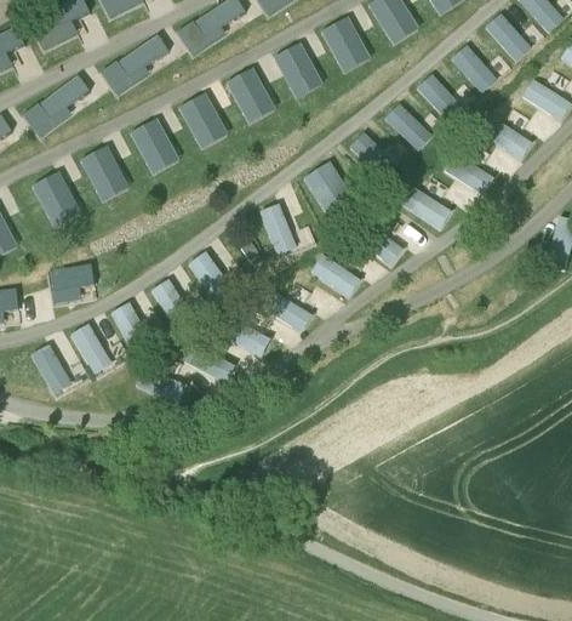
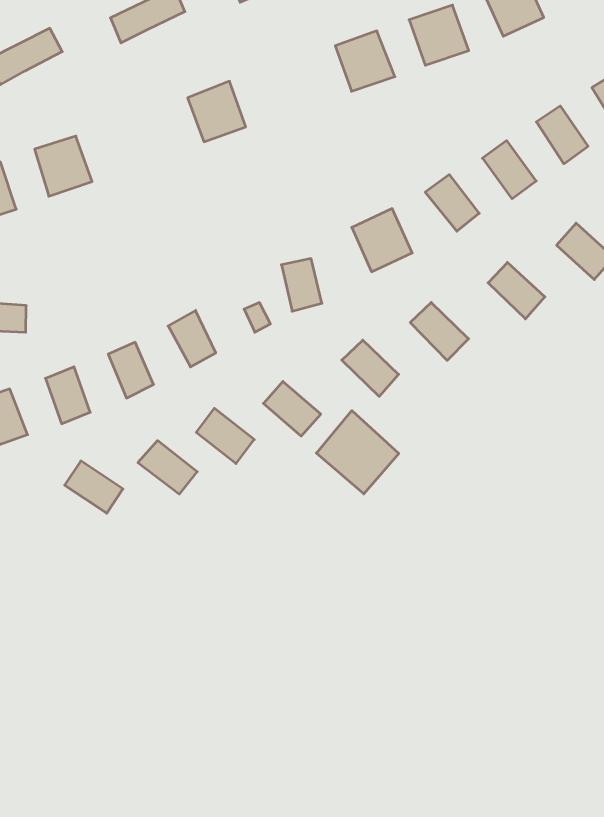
building: [228,70,269,113] -> none
building: [131,120,173,164] -> none
building: none -> [316,411,399,494]

